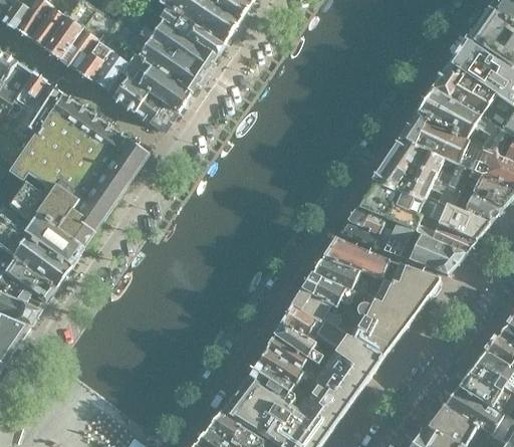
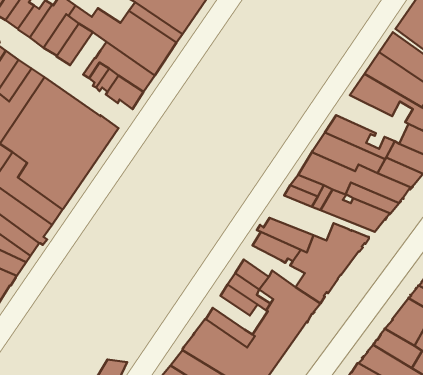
building: [92,51,127,90] -> none
building: [402,115,486,171] -> none
building: [324,238,399,283] -> none
building: [294,289,365,338] -> none
building: [258,348,307,387] -> none

